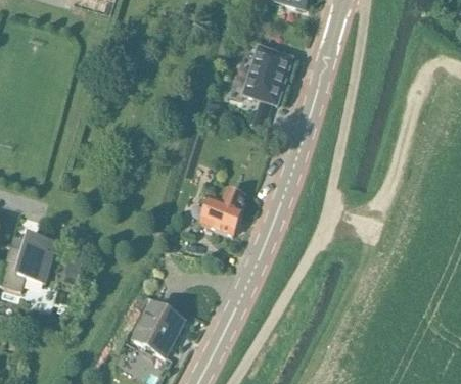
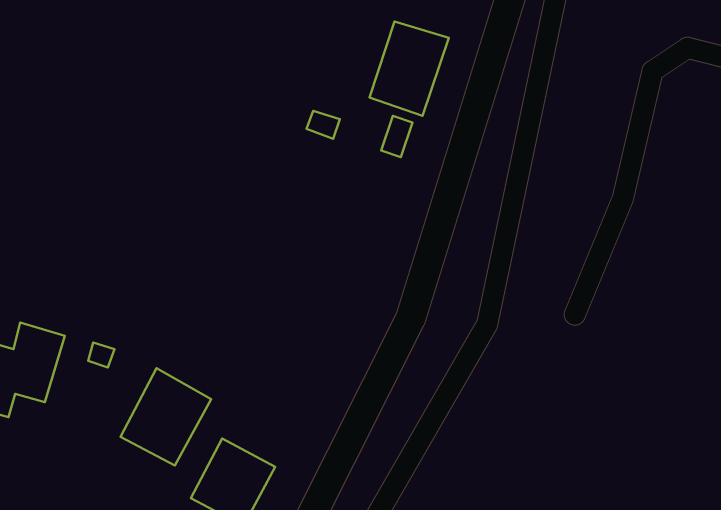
building: [199,186,246,234] -> none
building: none -> [120,368,211,466]

